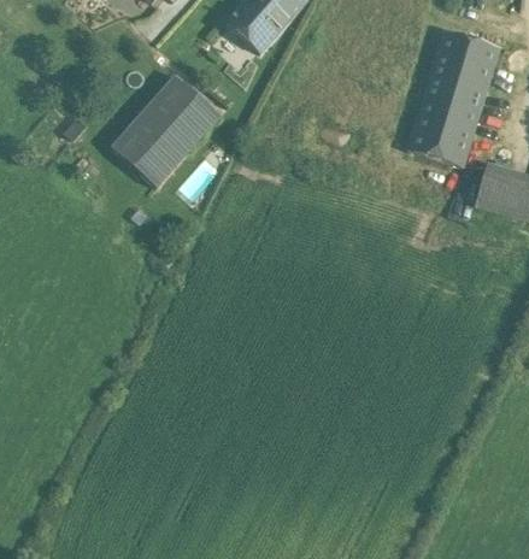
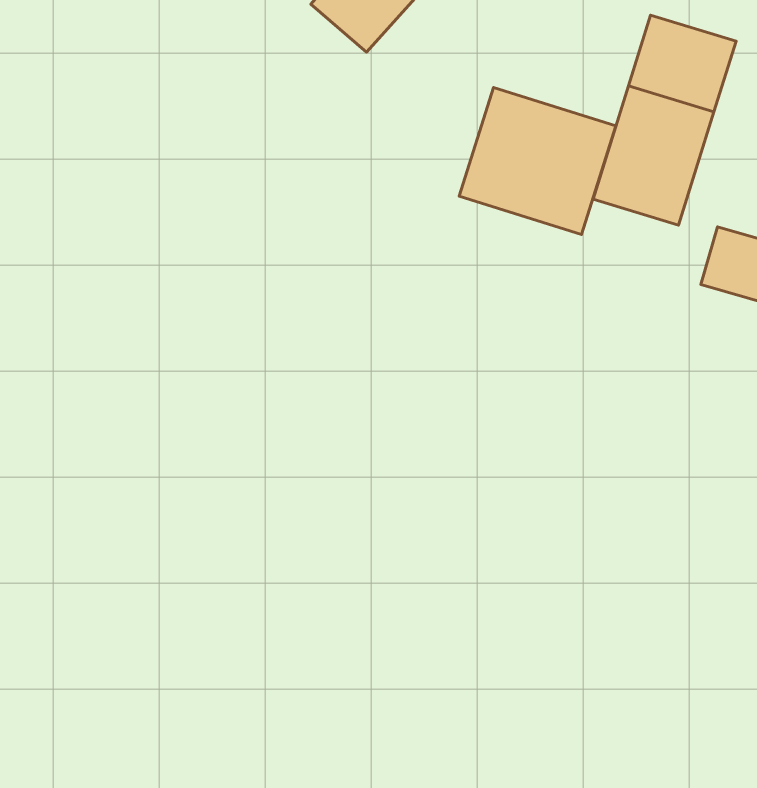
building: [112,75,222,187] -> none
building: none -> [459,88,616,234]

